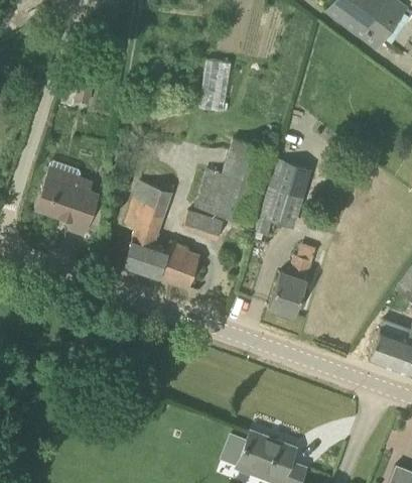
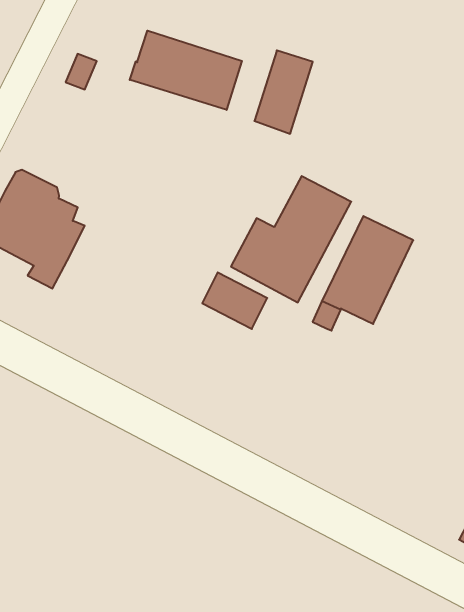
building: none -> [130,31,242,110]
building: [122,182,193,287] -> none
building: [269,255,311,314] -> none

